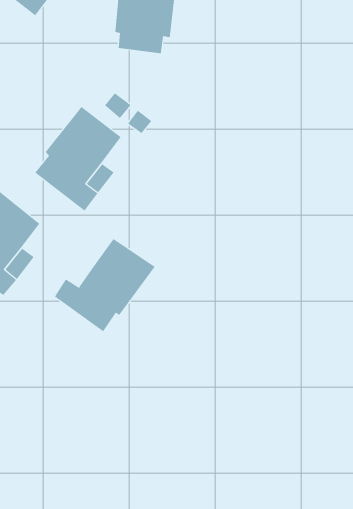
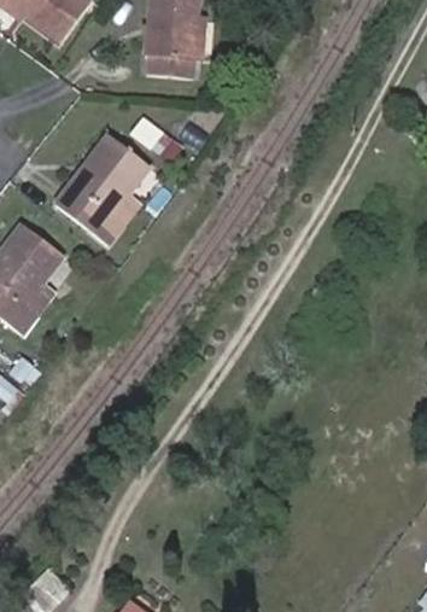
building: [54,238,156,332] -> none

